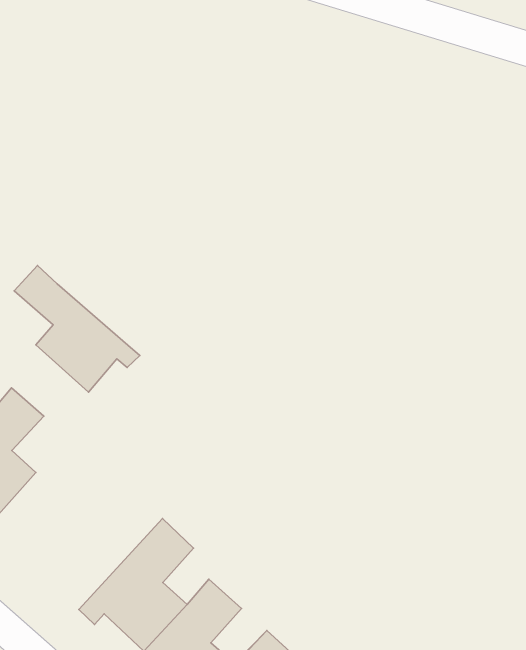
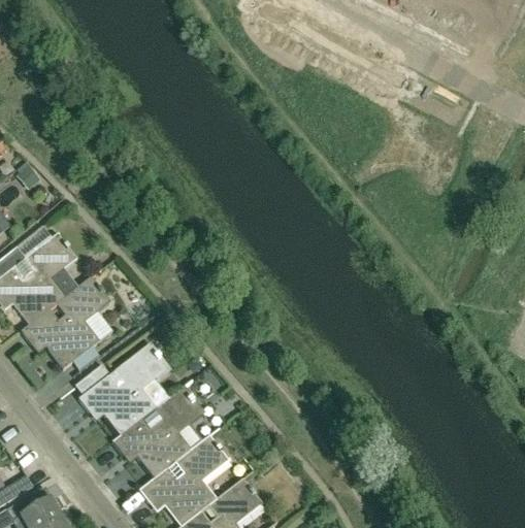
building: [14,266,140,392] -> none
building: none -> [78,344,183,441]

